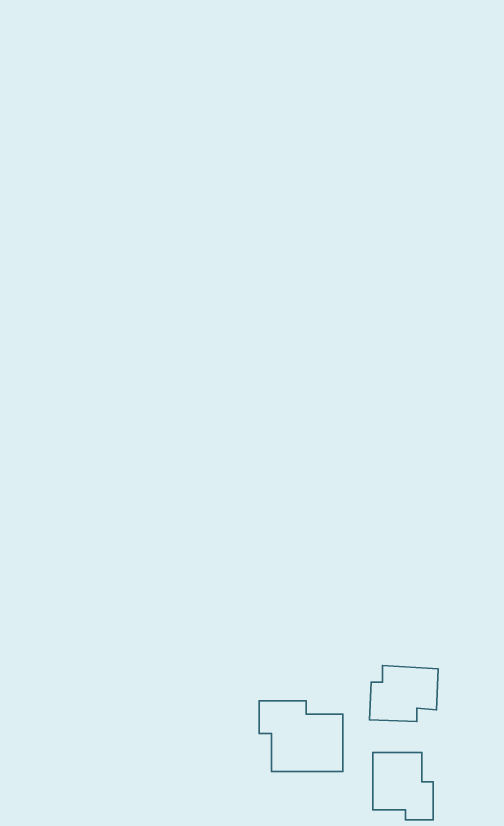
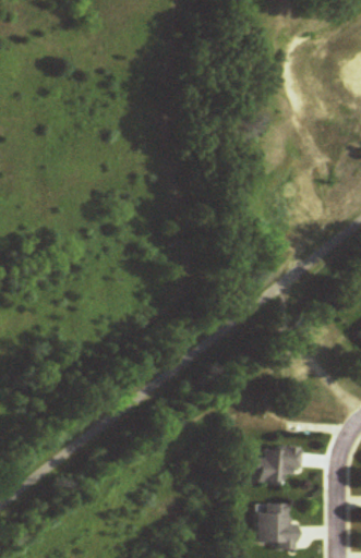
building: [259,701,343,772] -> none

